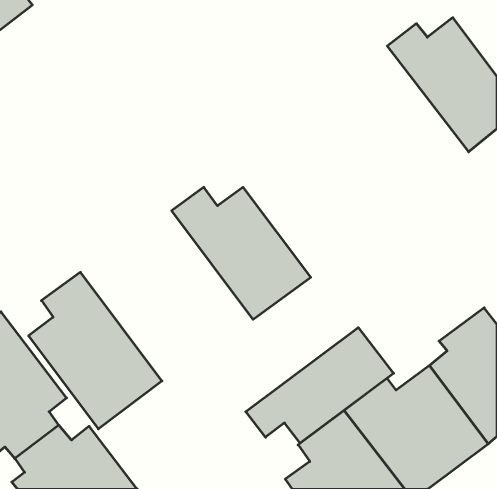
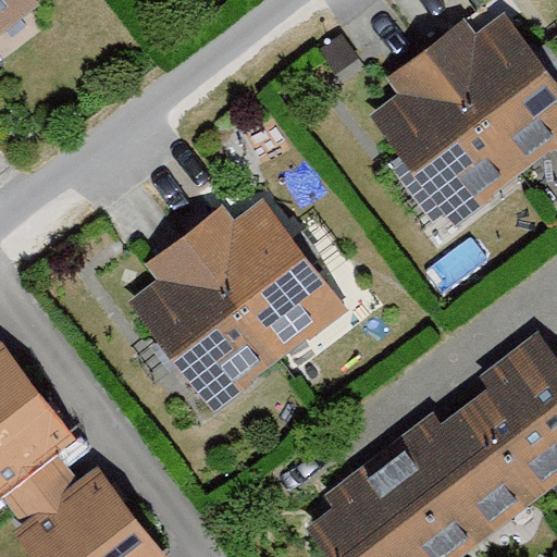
building: none -> [375,51,520,219]
building: [29,272,162,429] -> [133,234,281,408]
building: [246,328,394,443] -> none

